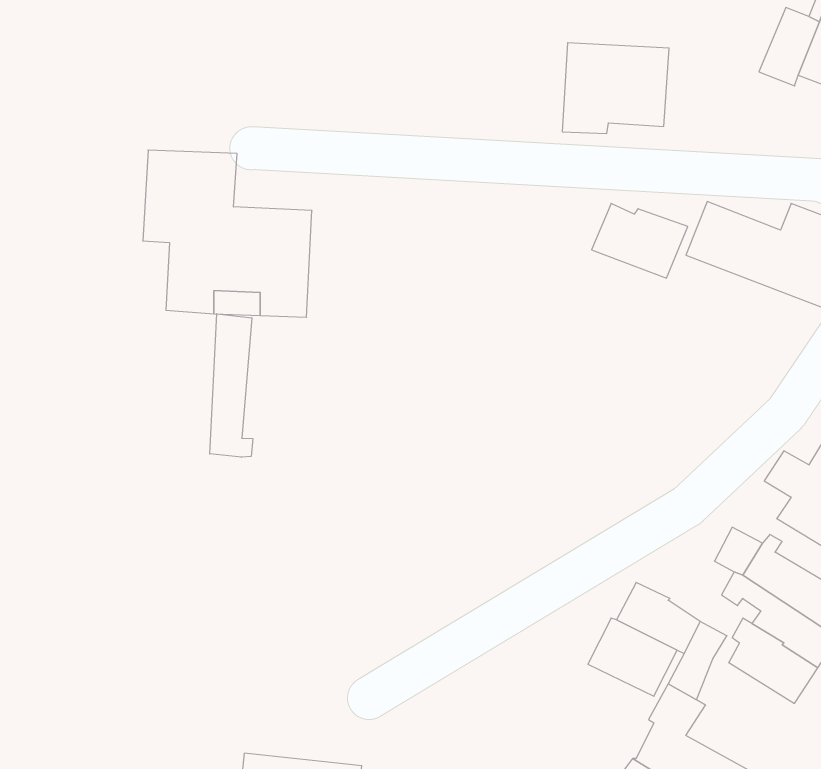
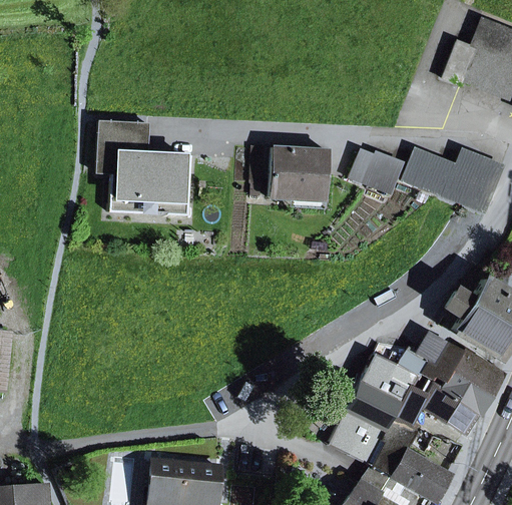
building: [562,43,669,134] -> [270,146,330,197]
building: [210,314,253,457] -> none
building: none -> [393,347,430,387]

